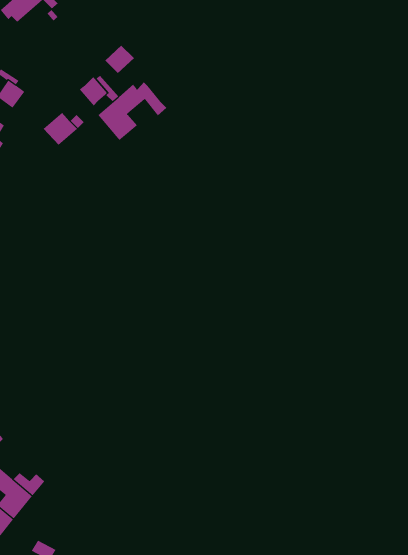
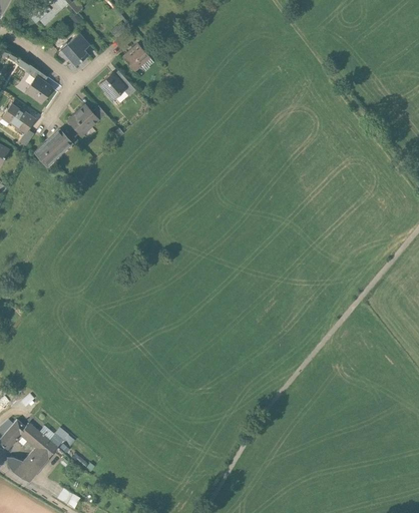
building: none -> [59,33,88,66]
building: [98,82,167,141] -> none
building: none -> [33,129,70,165]

